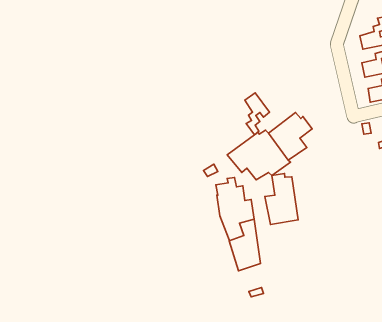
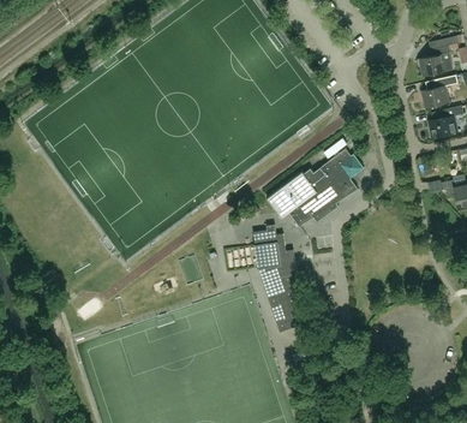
building: [245,93,270,135] -> none
building: [265,174,298,225] -> none

